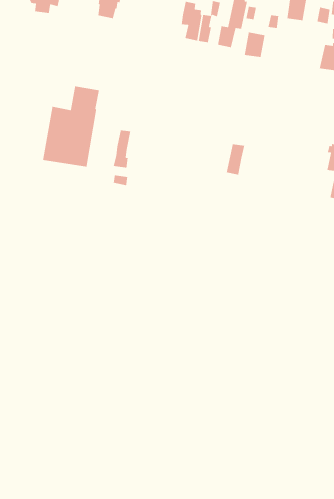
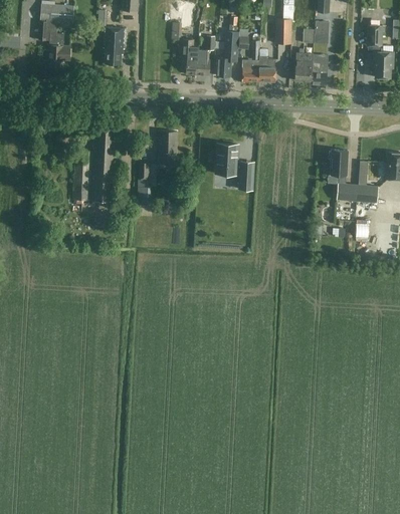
building: none -> [295,48,314,84]
building: none -> [258,55,275,82]
building: none -> [159,131,178,164]
building: none -> [217,144,238,175]

